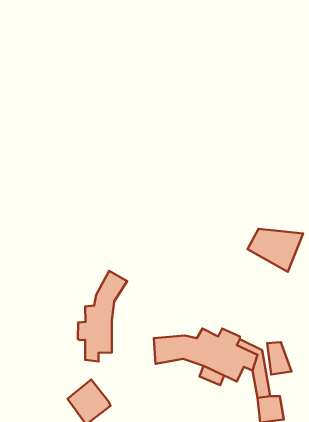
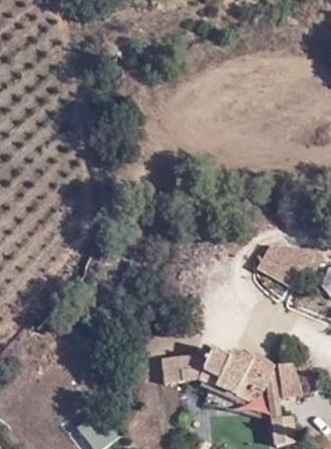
building: [78,271,127,361] -> none

